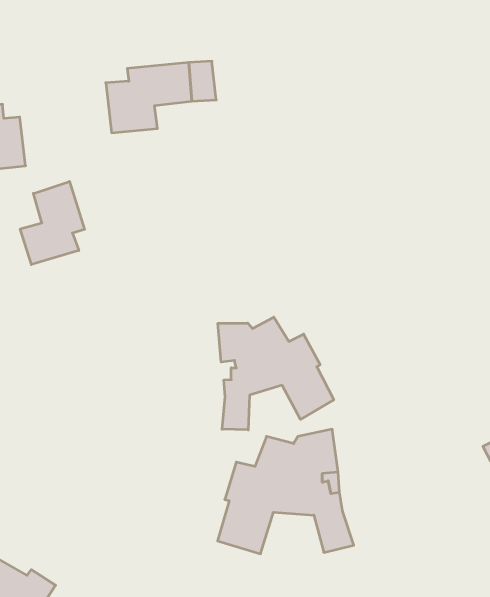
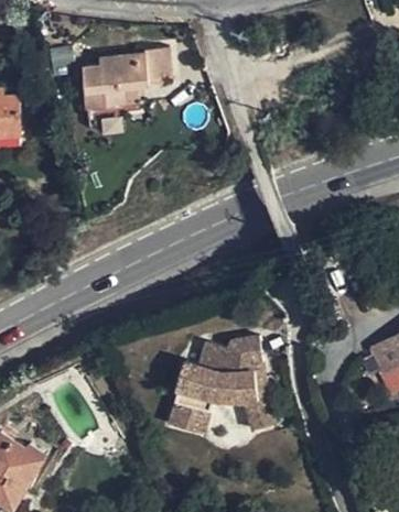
building: [20,181,85,265] -> none
building: [218,317,334,430] -> none

